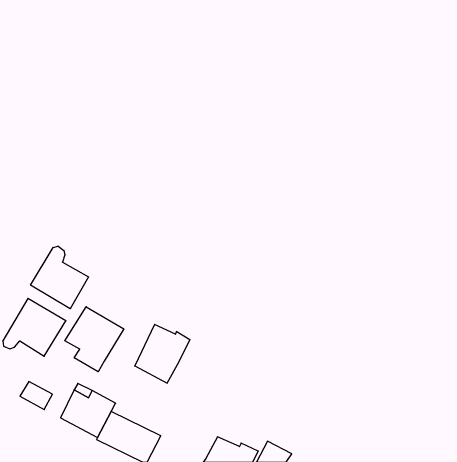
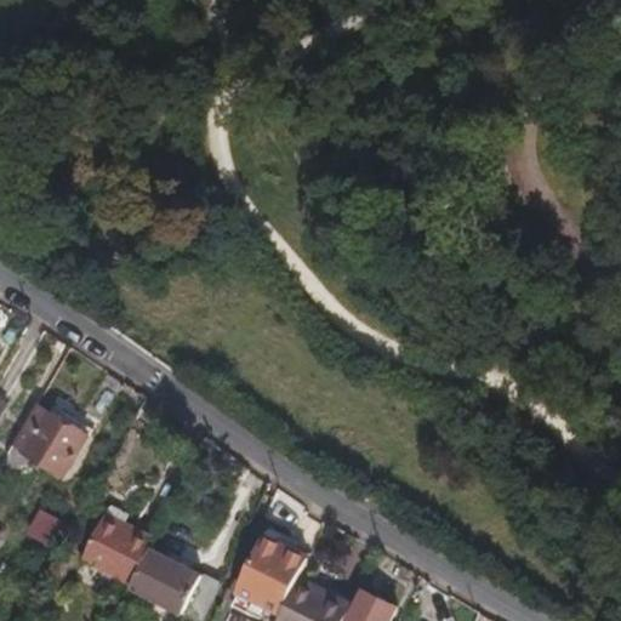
building: [31,246,89,309] -> none
building: [65,307,124,372] -> none
building: [135,324,190,383] -> [233,536,307,615]

